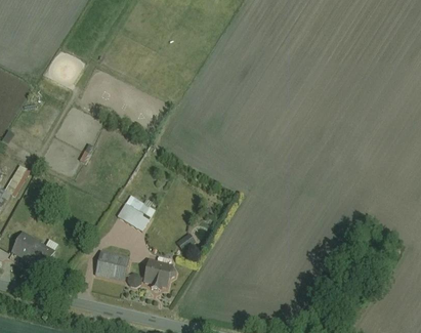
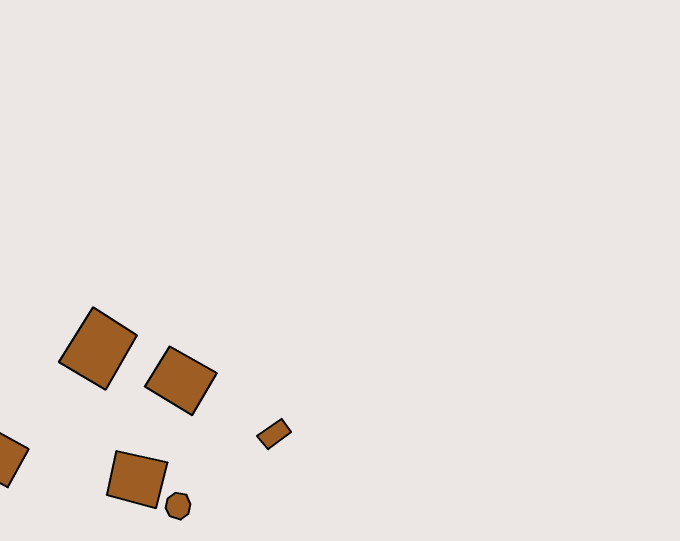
building: none -> [59,307,137,390]
building: [143,255,175,289] -> none

